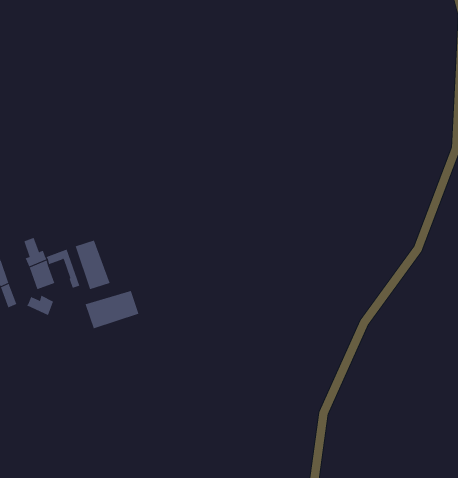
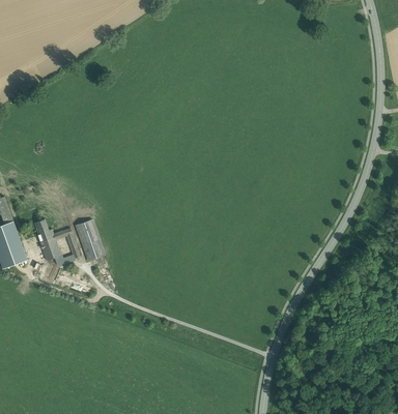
building: [85,290,139,329] -> none

